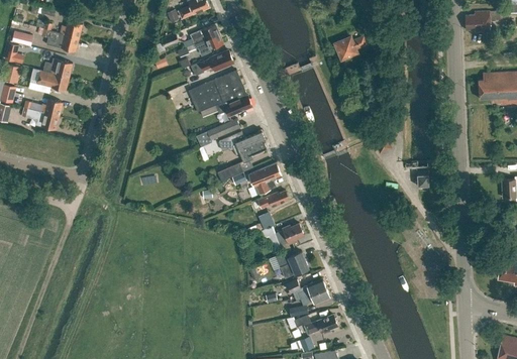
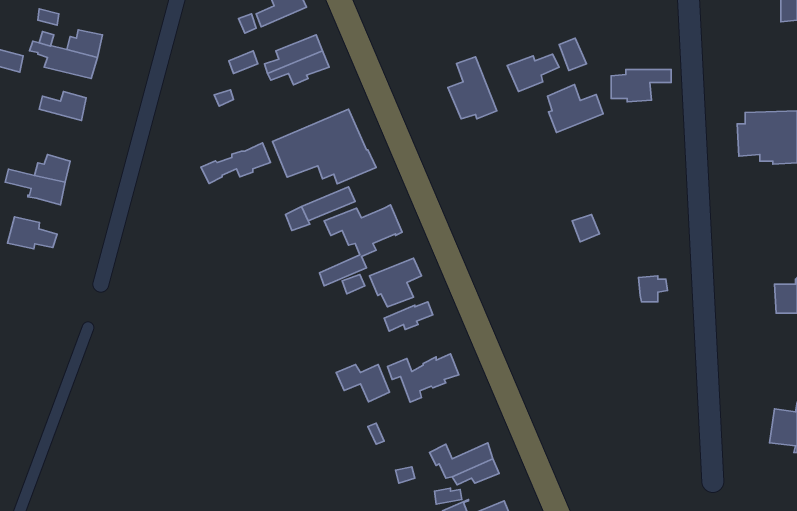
building: [466,12,503,32] -> [611,70,671,102]
building: none -> [448,57,497,119]
building: [191,50,234,76] -> [201,143,271,183]
building: none -> [548,85,603,133]
building: [37,71,70,91] -> none
building: none -> [8,217,57,249]
building: [276,251,309,274] -> [336,365,390,402]

